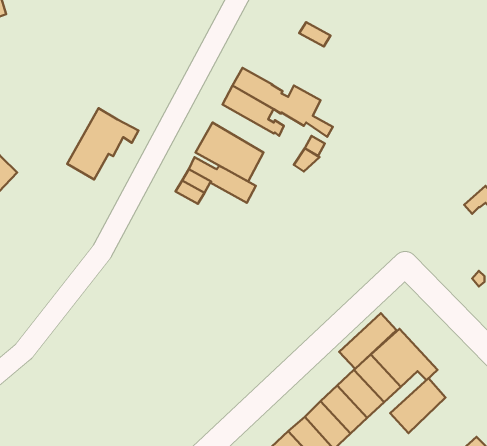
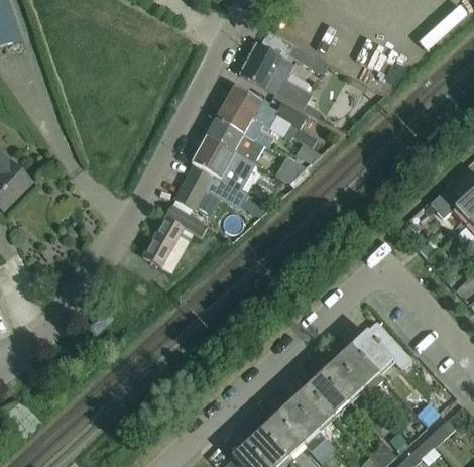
building: none -> [239,42,320,115]
building: none -> [207,118,262,161]
building: [67,108,139,180] -> [142,204,207,268]
building: [339,313,397,369] -> none
building: [390,378,446,433] -> none

